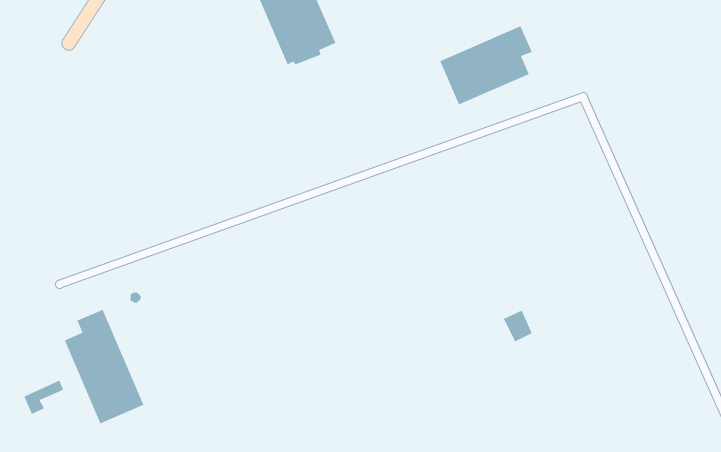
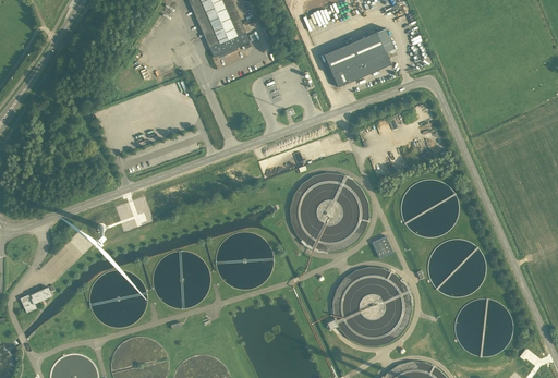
building: [64,309,144,425] -> none

